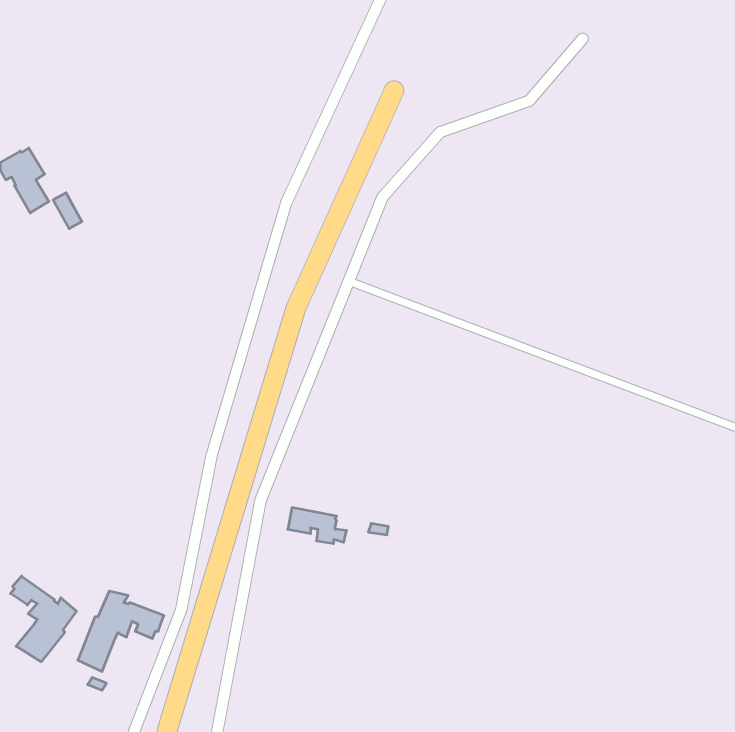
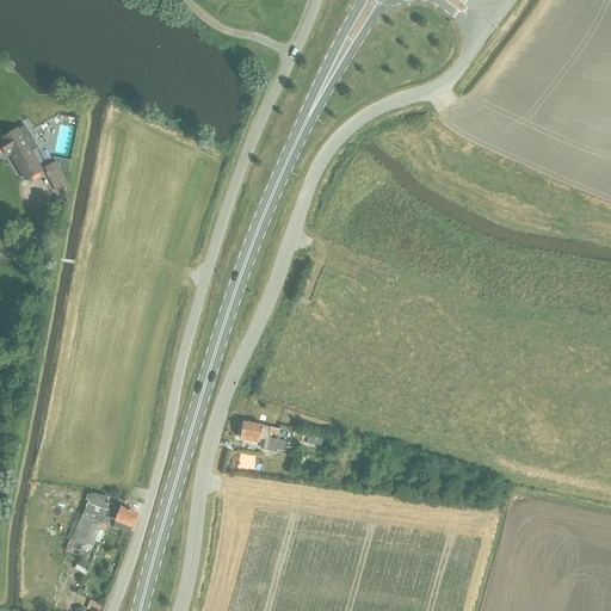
building: [10,576,76,662] -> none

